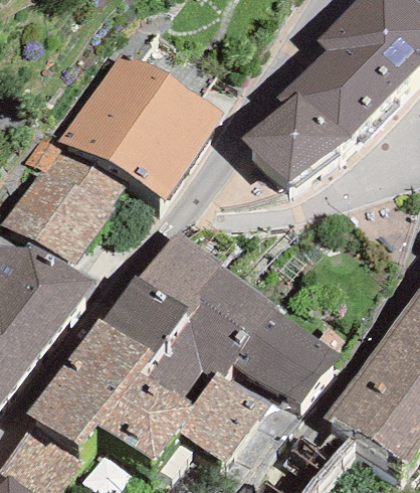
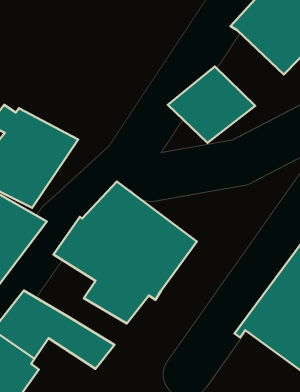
building: [274,47,383,140] -> none
building: [59,55,225,201] -> none
building: [233,309,341,405] -> none
building: [65,320,270,463] -> none

